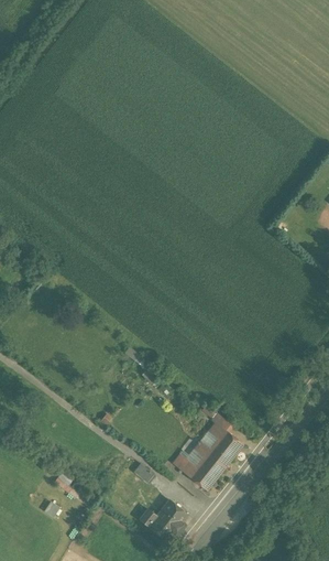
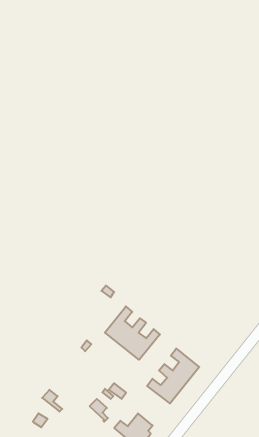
building: none -> [105,306,160,360]

